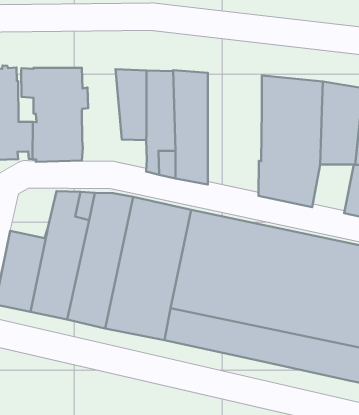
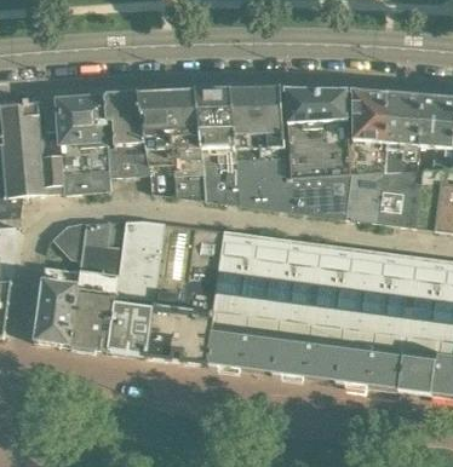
building: none -> [103,94,150,175]
building: none -> [230,90,291,211]
building: none -> [345,172,384,221]
building: none -> [52,221,87,259]

